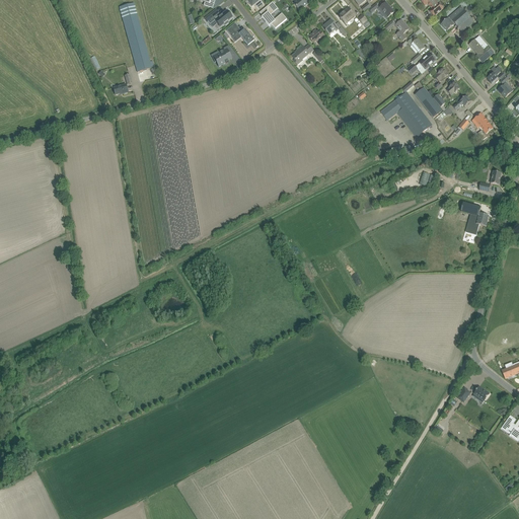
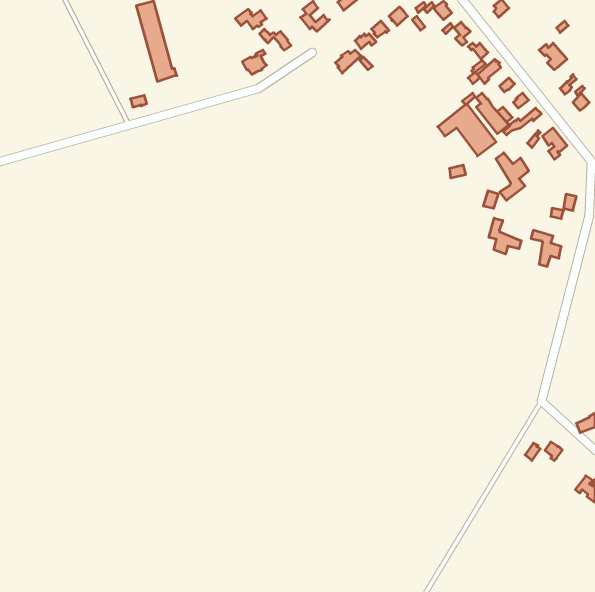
building: [441,5,474,30] -> none
building: none -> [496,153,529,200]
building: none -> [489,218,521,254]

